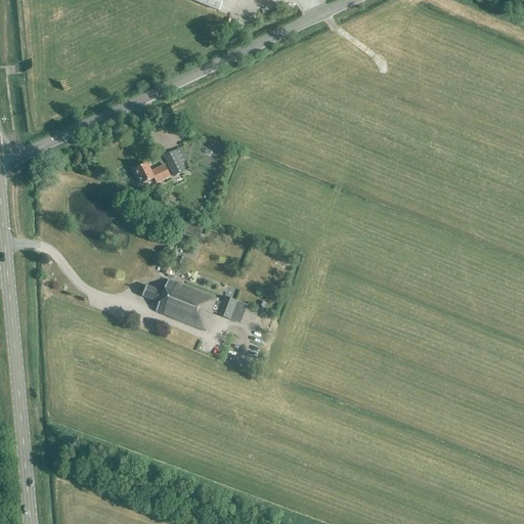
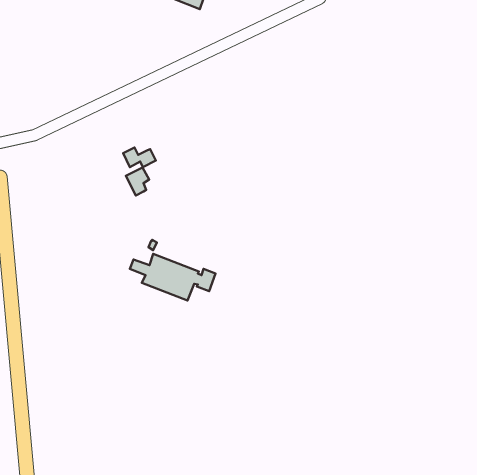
building: [162,145,187,176] -> [126,167,149,195]

